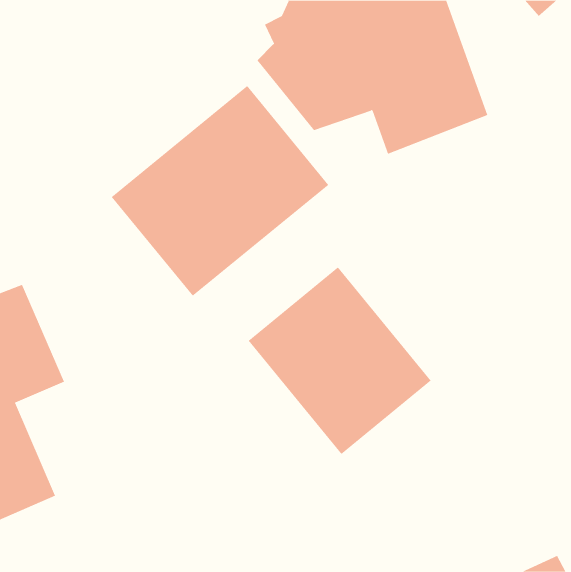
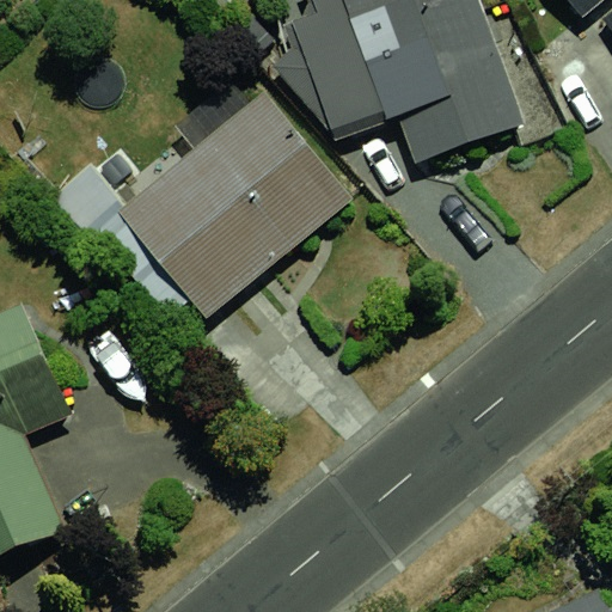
building: [248,267,432,455] -> none

